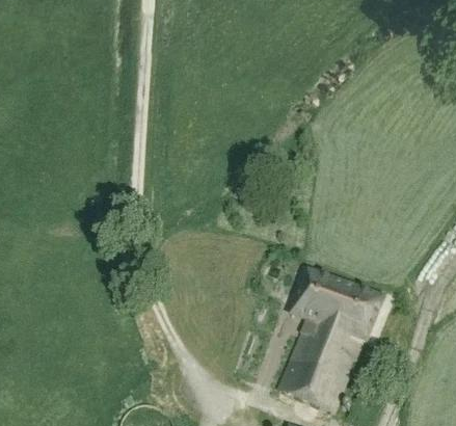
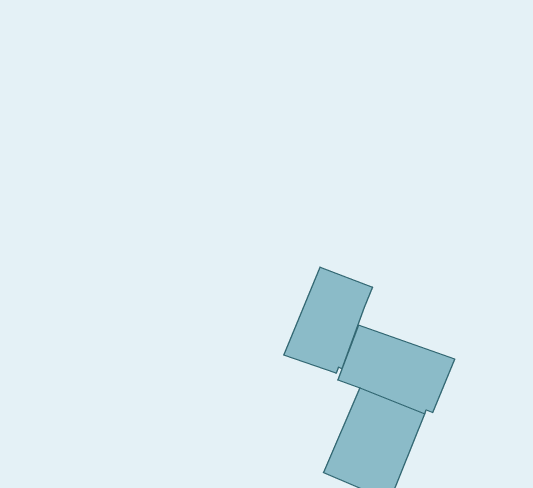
building: none -> [284,267,372,373]

